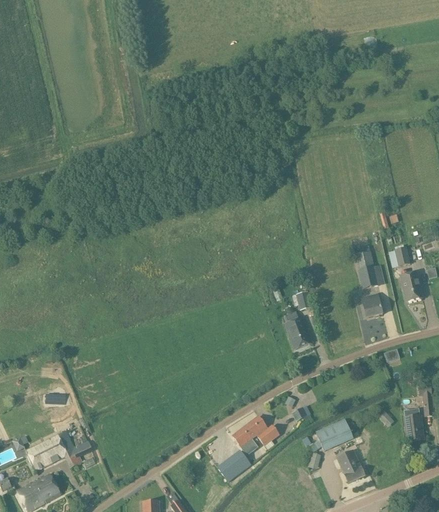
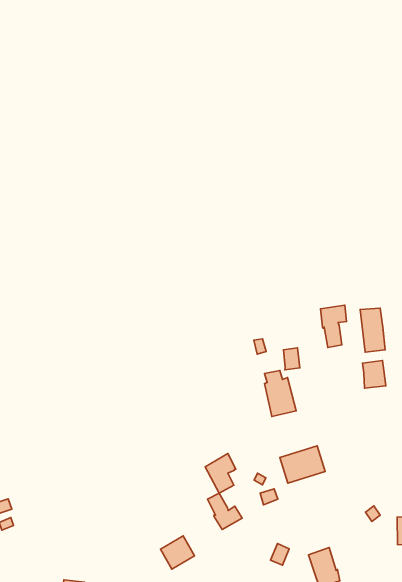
building: none -> [321,305,347,347]
building: [316,418,354,451] -> [280,446,325,483]
building: [233,422,258,455] -> [205,453,236,493]

